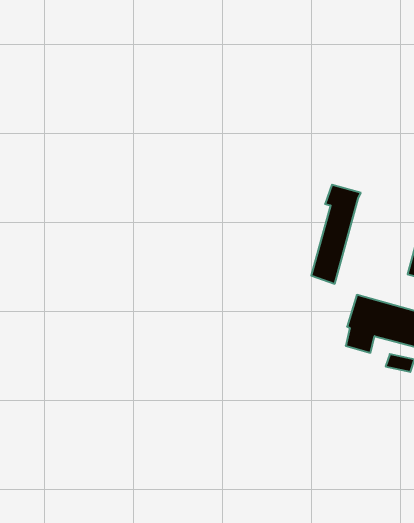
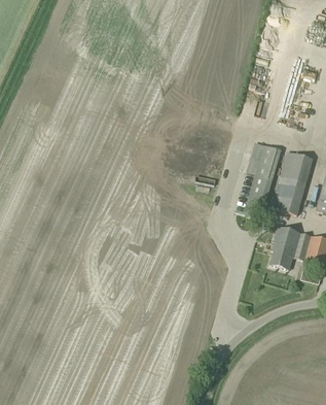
building: none -> [271,149,314,214]

